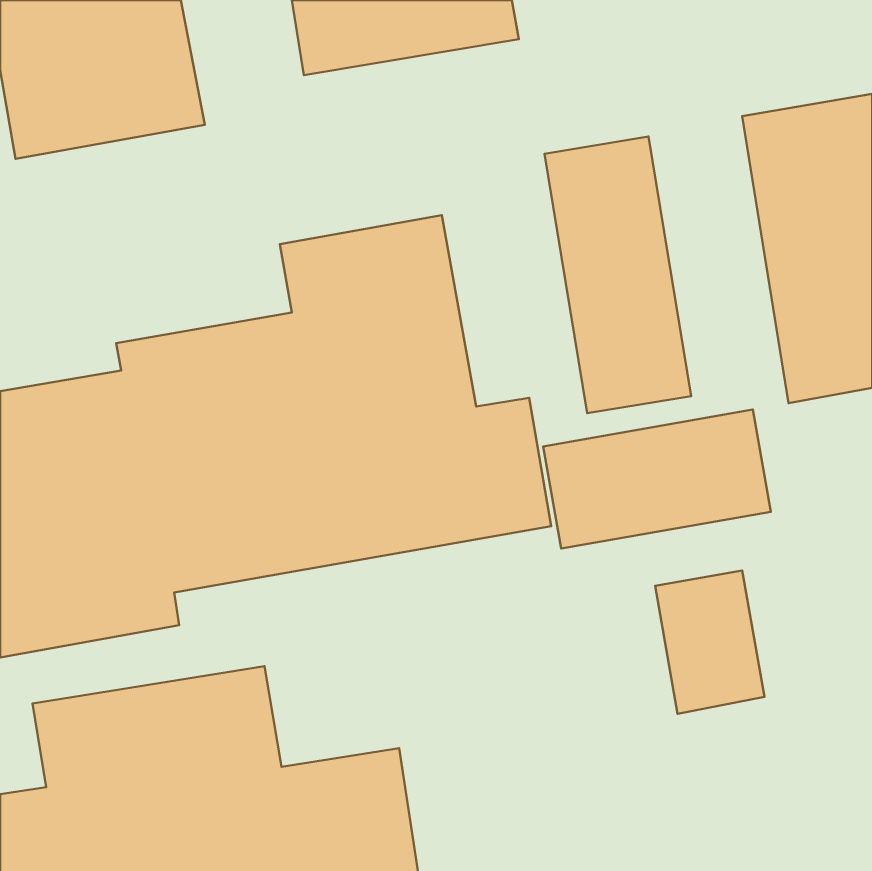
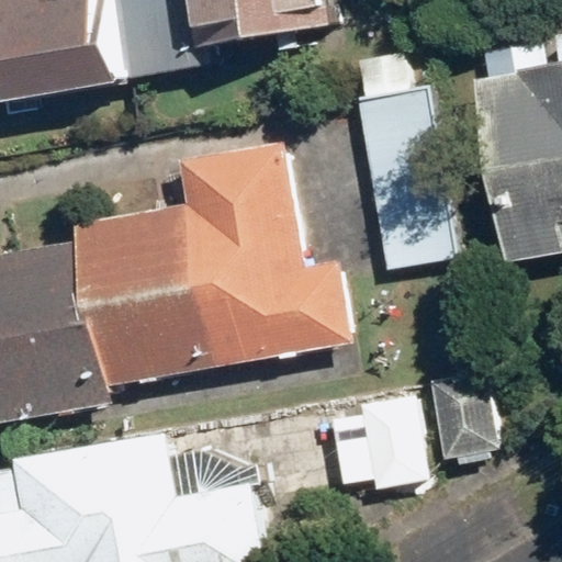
building: [543,410,771,549] -> none
building: none -> [323,391,424,487]

